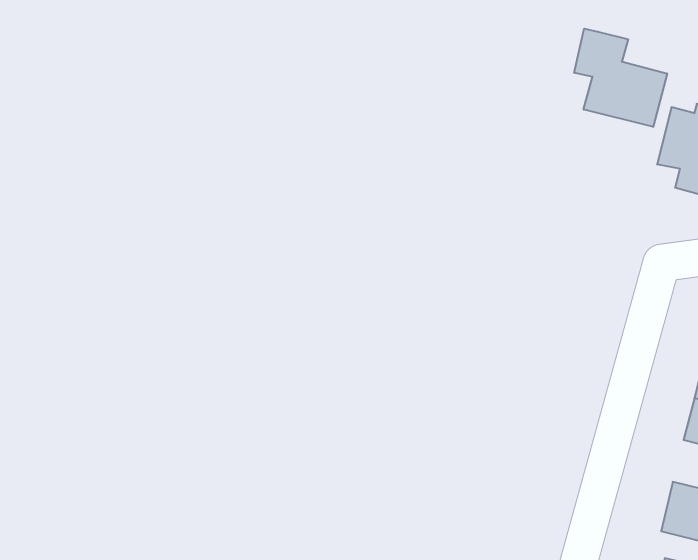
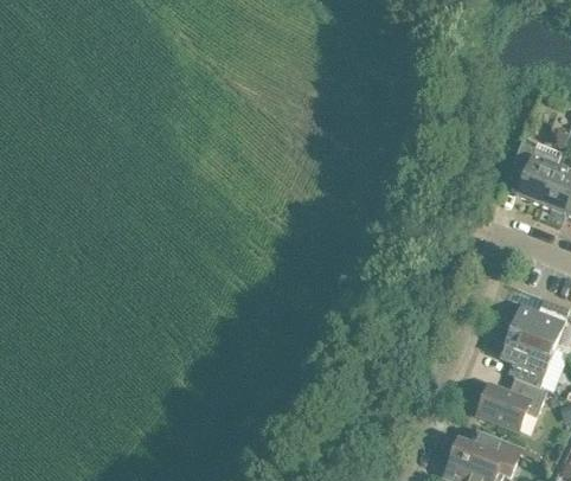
building: [574,29,667,127] -> none

